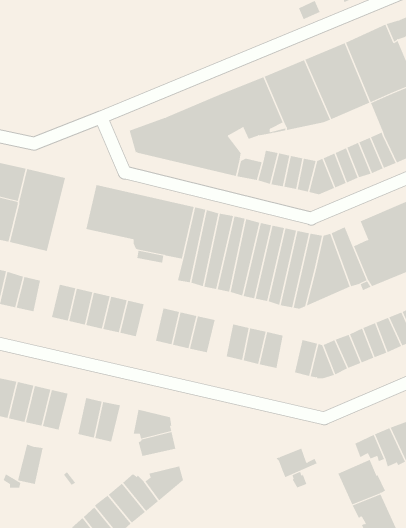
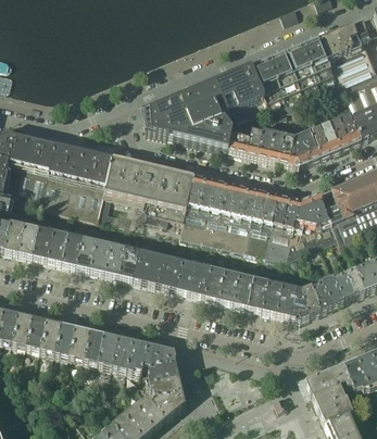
building: none -> [73,149,113,215]
building: none -> [62,234,83,264]
building: none -> [147,253,168,284]
building: none -> [205,266,226,297]
building: none -> [263,279,284,310]
building: none -> [126,337,148,369]
building: [17,444,43,485] -> [83,327,104,361]
building: [275,448,317,478] -> [305,368,340,393]
building: none -> [149,373,183,393]

